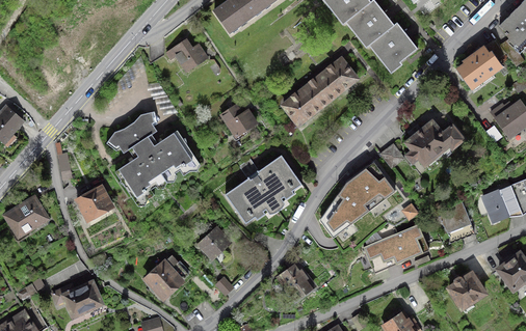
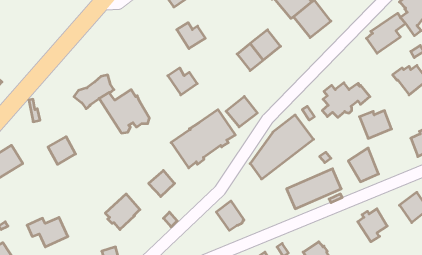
building: [172,40,206,72] -> [177,23,205,49]
building: [282,88,319,125] -> [226,96,257,127]
building: [114,141,165,205] -> none
building: [481,189,520,222] -> [359,111,392,138]

